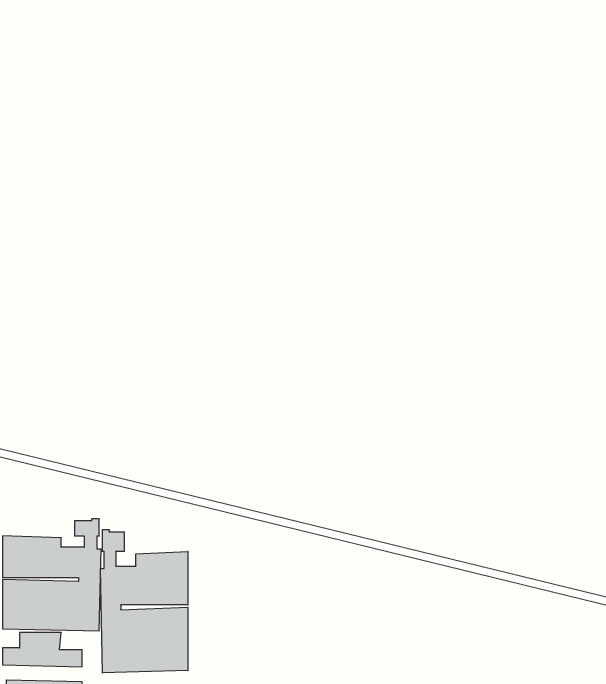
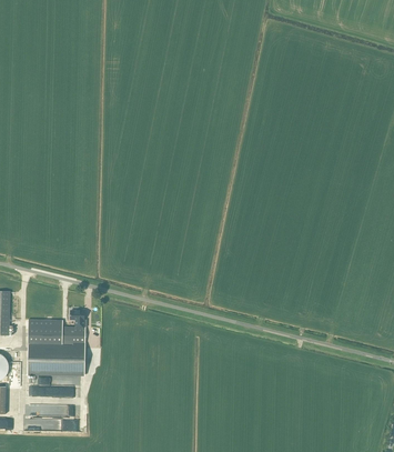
building: [101,530,188,673] -> none

